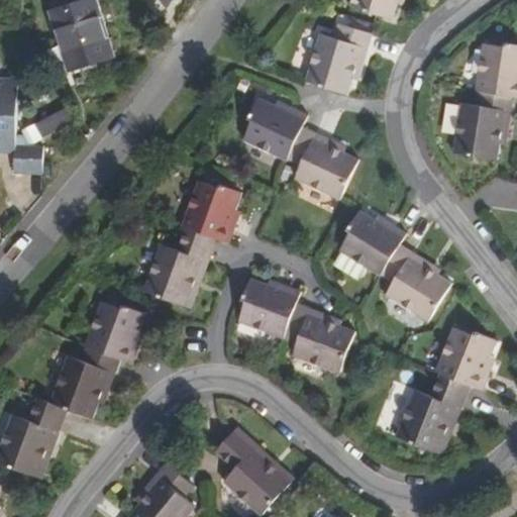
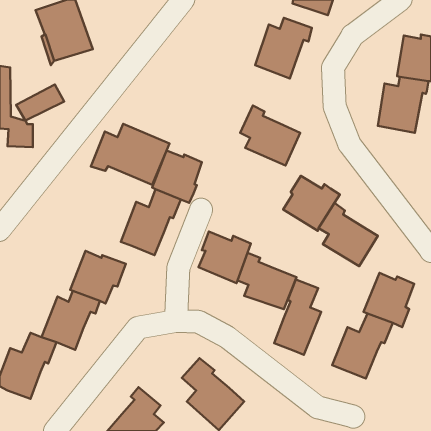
building: [242,96,308,159] -> none
building: none -> [91,124,169,185]
building: none -> [274,279,321,355]

